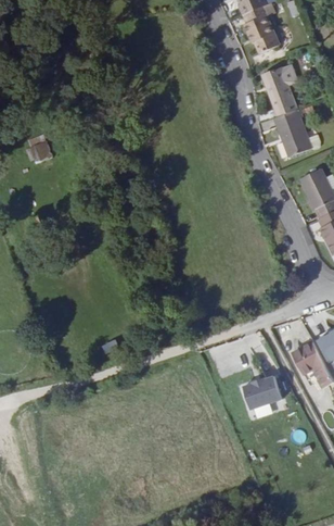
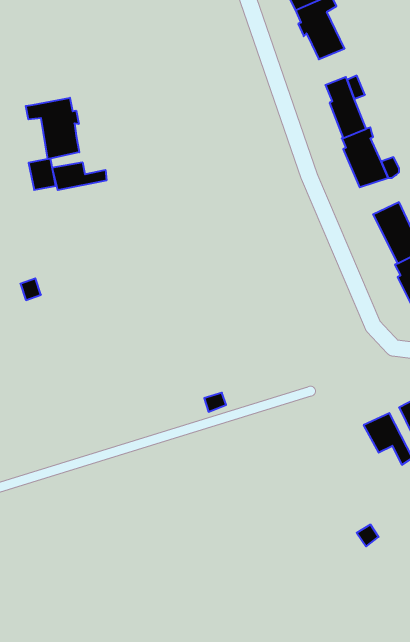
building: none -> [26,98,79,159]
building: none -> [52,162,106,190]
building: [241,375,281,418] -> none

